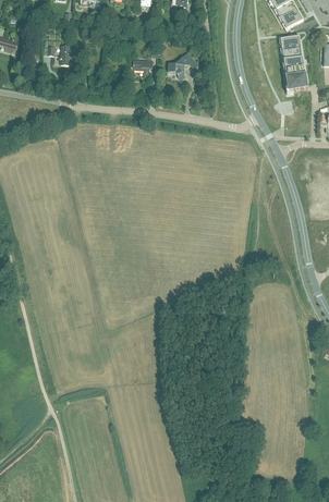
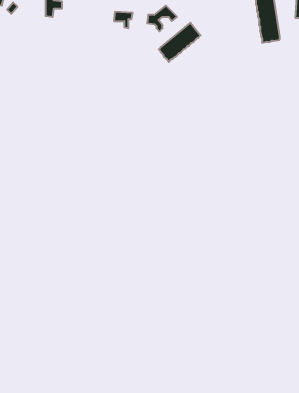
building: none -> [159,23,201,62]

